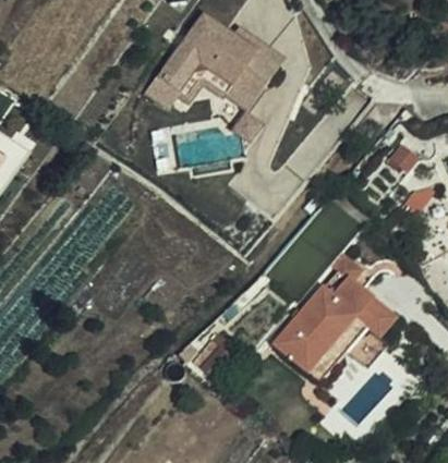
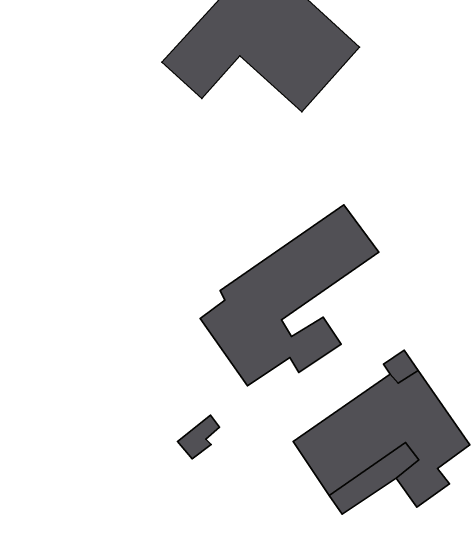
building: none -> [200,205,379,386]

